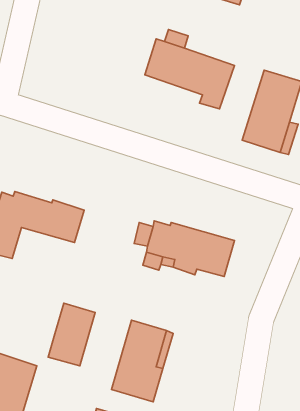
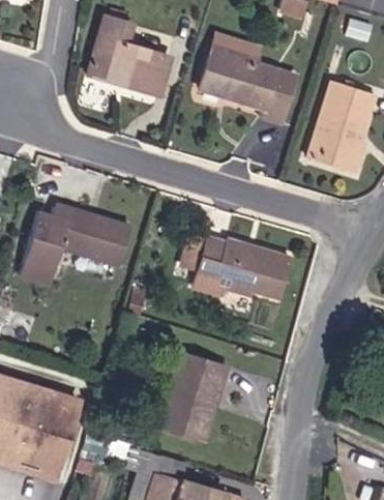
building: none -> [83,10,168,93]
building: [48,303,95,366] -> none

